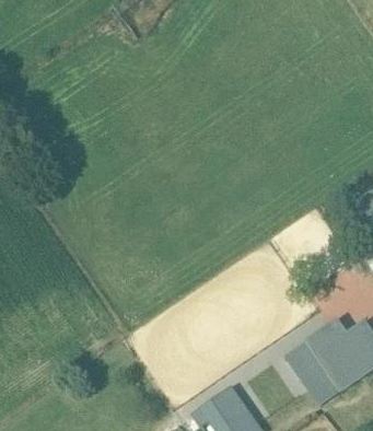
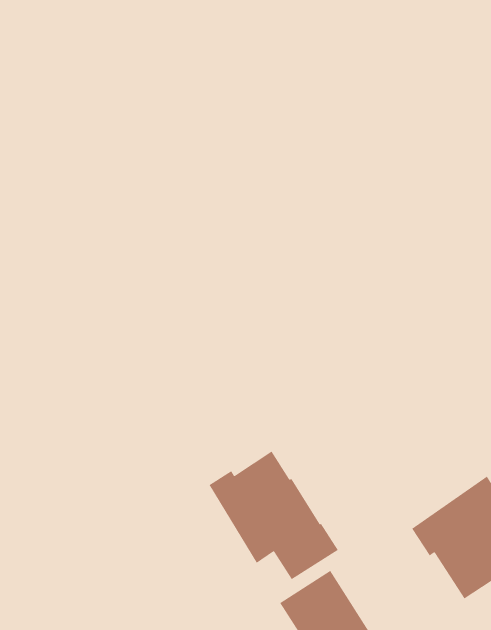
building: none -> [209,451,339,580]

